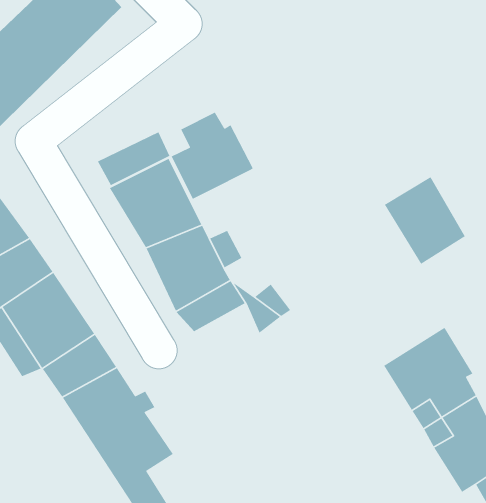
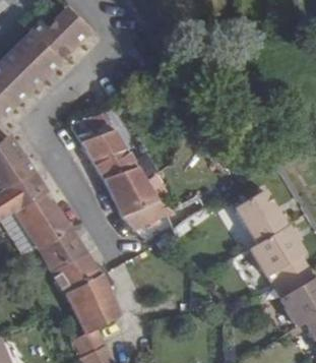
building: [171,111,254,200] -> none
building: [384,176,466,265] -> [234,190,283,244]

